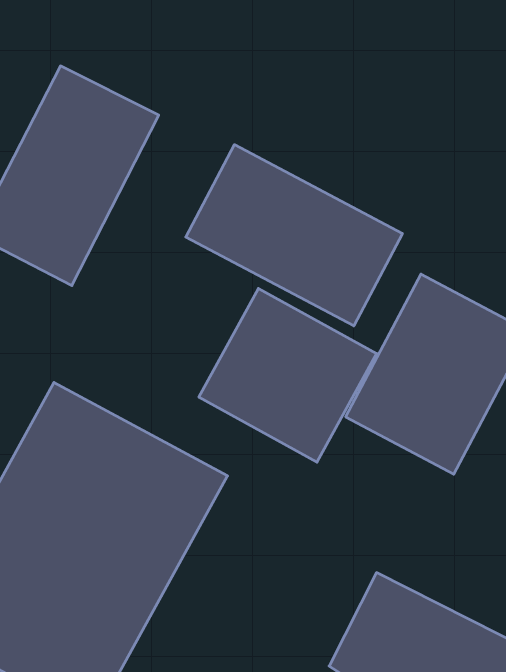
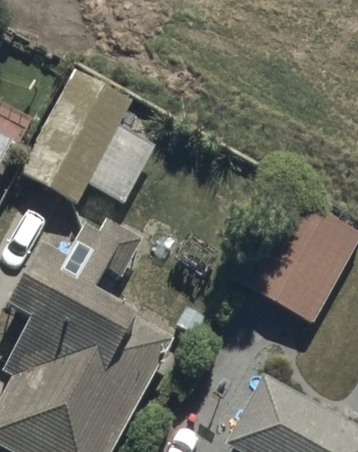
building: [186,145,402,326] -> none
building: [199,288,377,462] -> none

